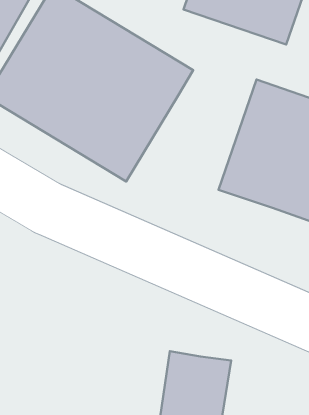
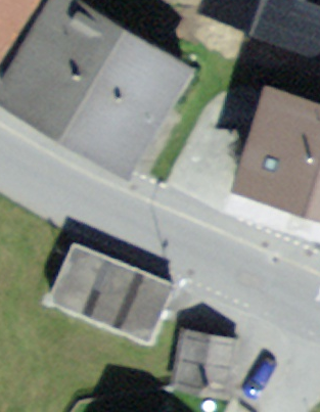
building: none -> [46,260,166,354]

